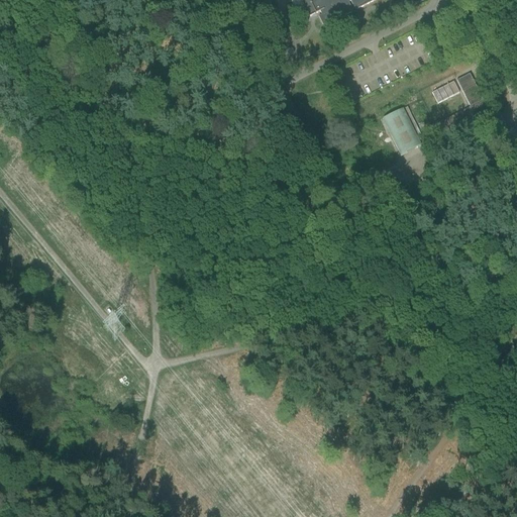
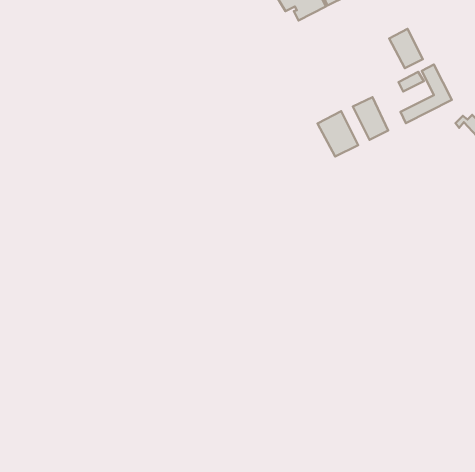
building: none -> [389,29,423,68]
building: none -> [318,111,358,157]

